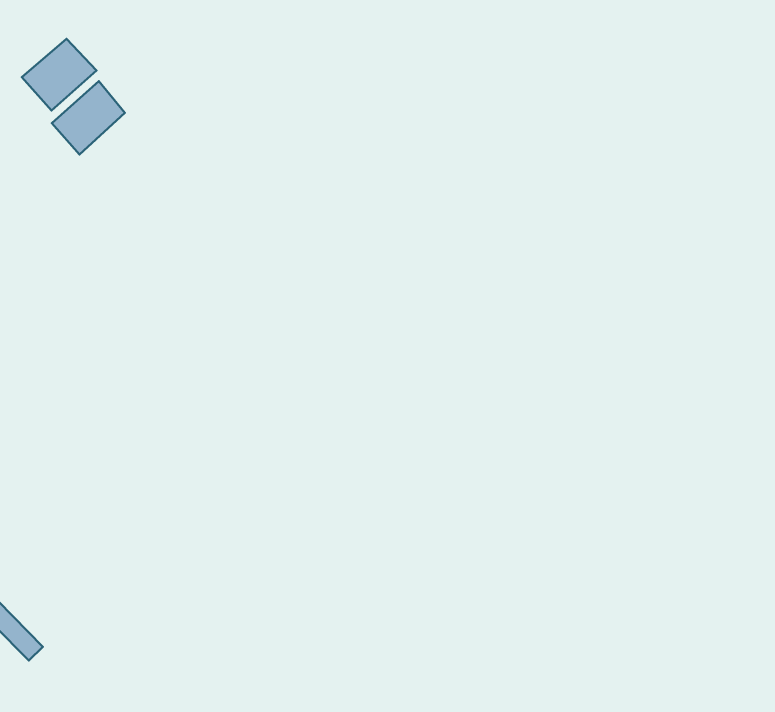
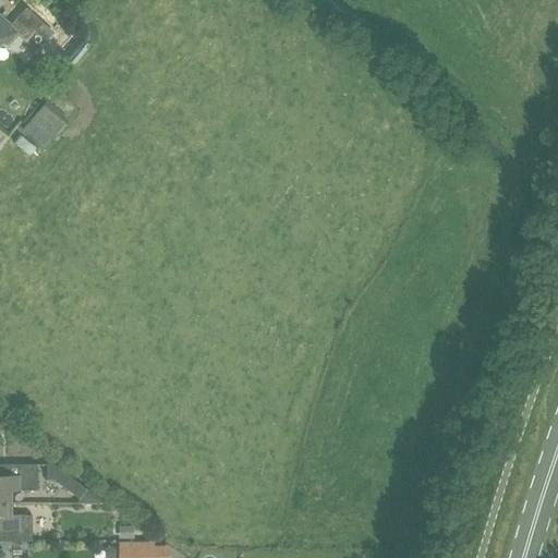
building: [52,81,125,154] -> none

